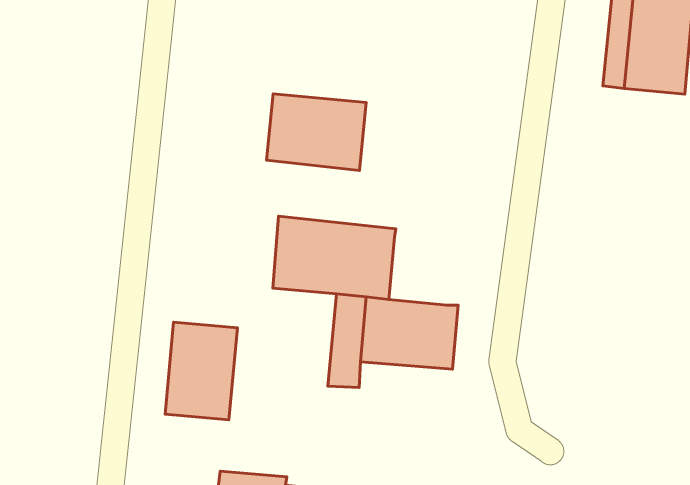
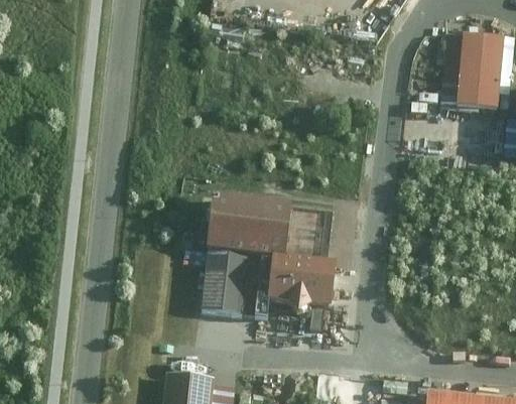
building: [267,94,366,170] -> none
building: none -> [286,207,332,255]
building: [165,322,237,420] -> [198,243,249,312]

